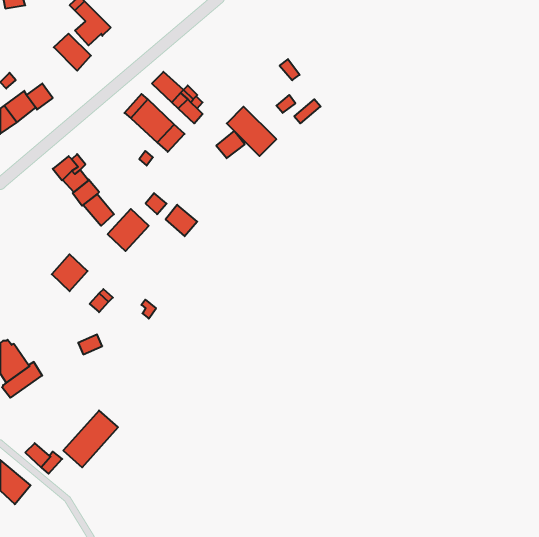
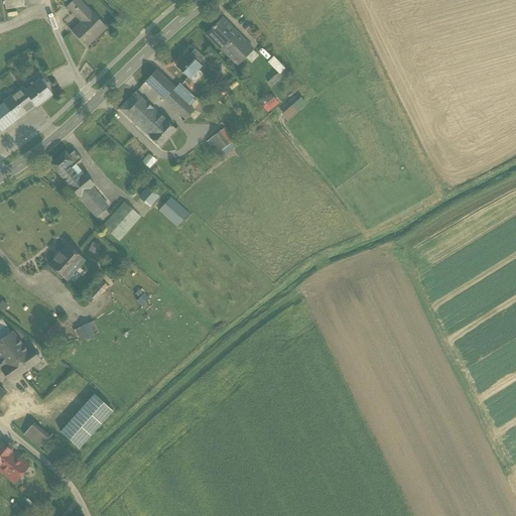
building: [54,34,91,71] -> none
building: none -> [176,47,204,77]
building: [227,107,276,156] -> [206,16,253,63]

